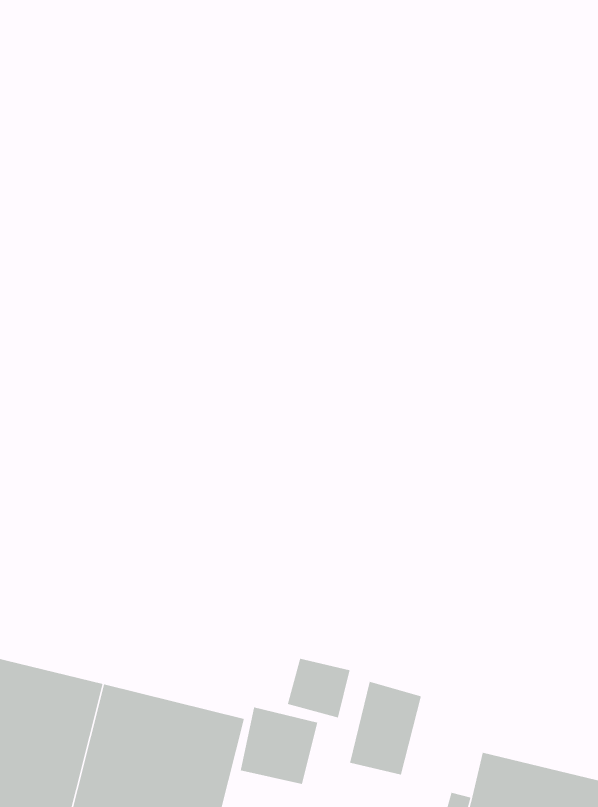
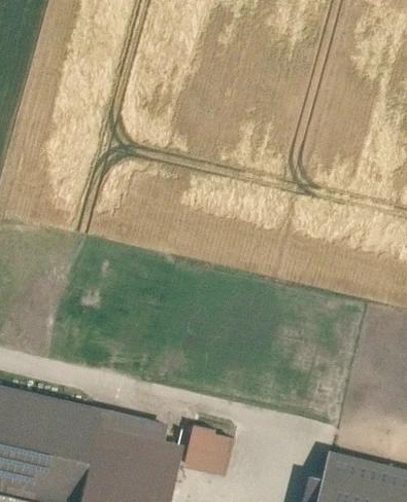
building: [287,658,350,719] -> none
building: [349,681,422,776] -> none

